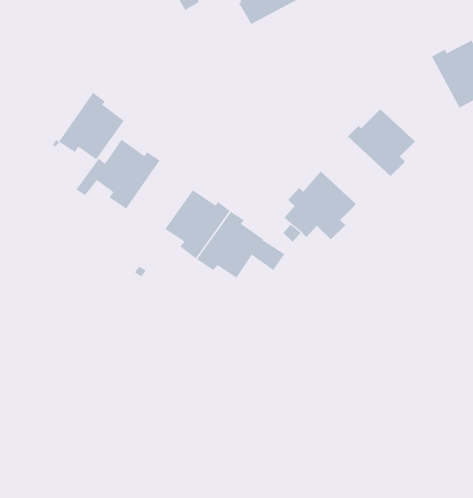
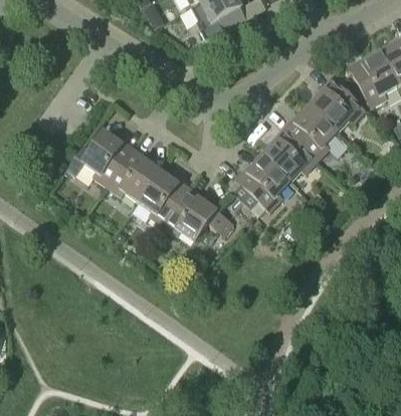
building: none -> [308,77,363,137]
building: [52,92,125,160] -> [102,147,159,201]
building: none -> [260,128,316,186]

